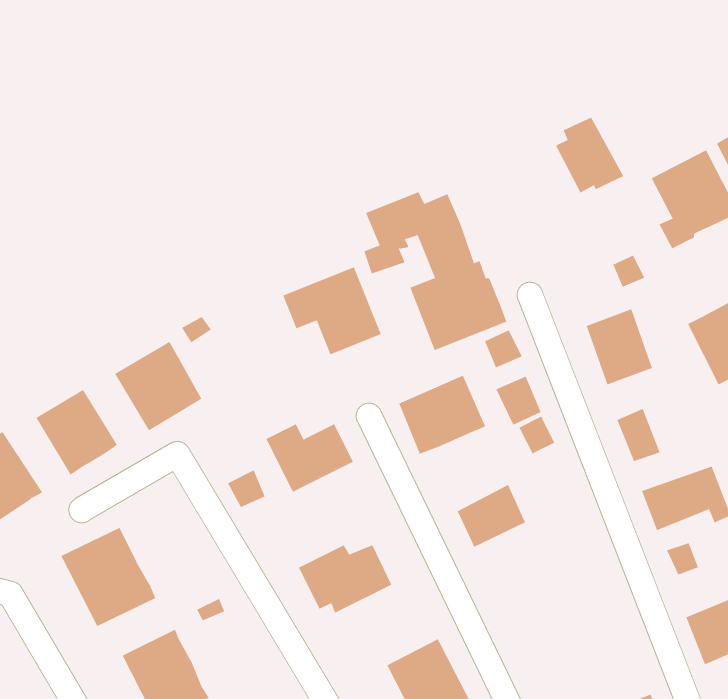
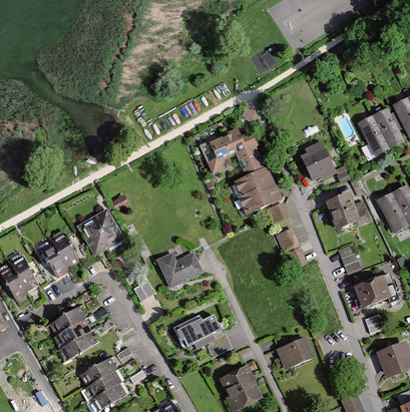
building: [555,117,624,194] -> [301,141,337,181]
building: [283,266,381,355] -> none
building: [399,375,486,454] -> none
building: [457,484,526,547] -> [278,338,314,371]

